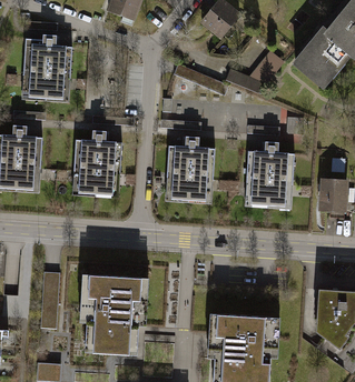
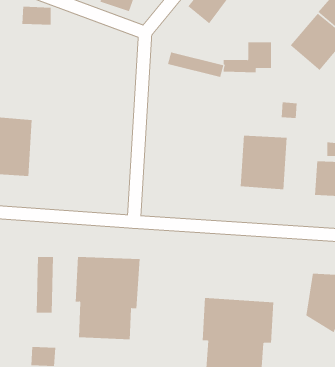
building: [27,46,75,105] -> none
building: [75,143,119,200] -> none
building: [166,144,215,199] -> none

